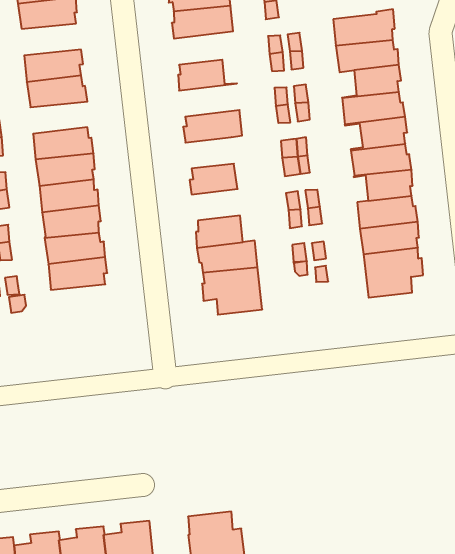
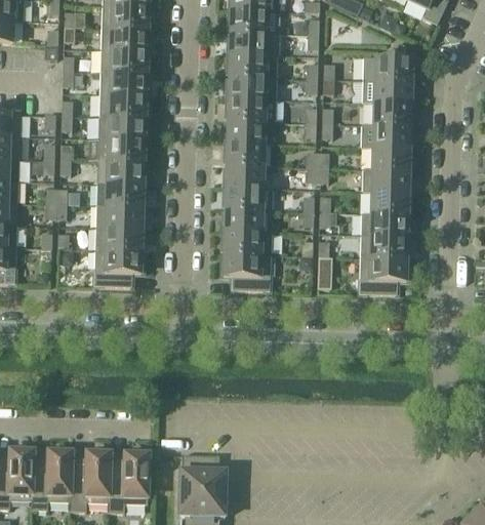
building: none -> [100,27,150,51]
building: none -> [227,53,278,77]
building: none -> [226,97,275,121]
building: none -> [98,93,148,117]
building: none -> [225,142,264,165]
building: none -> [223,186,262,209]
building: none -> [93,248,143,286]

